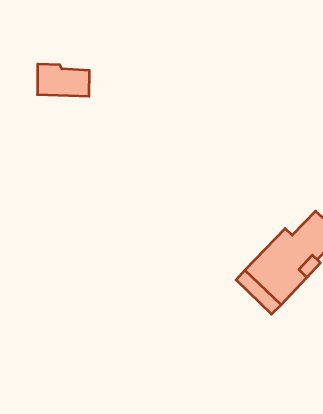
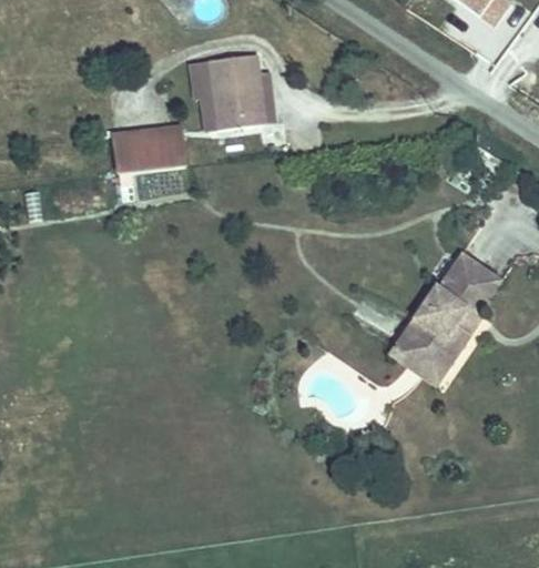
building: none -> [200,53,264,132]

